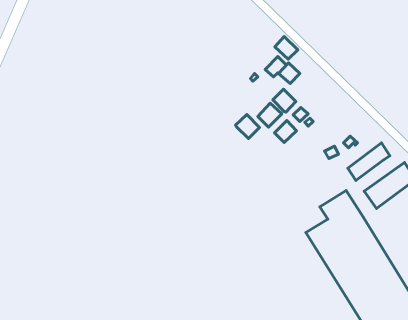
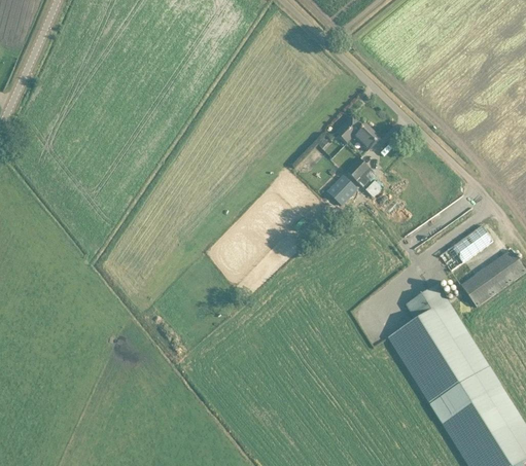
building: [275,37,298,59] -> none
building: [236,115,260,139] -> none
building: [274,120,296,142] -> none

